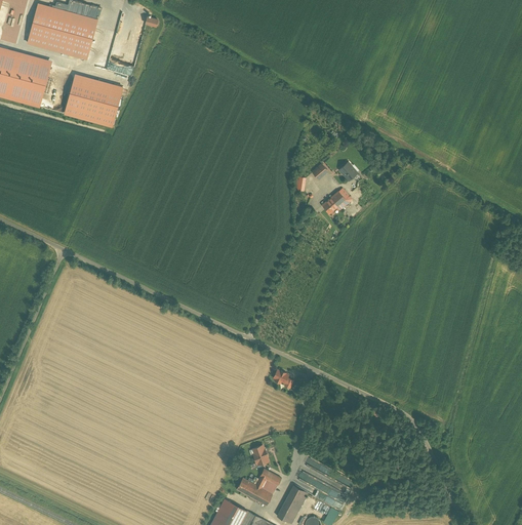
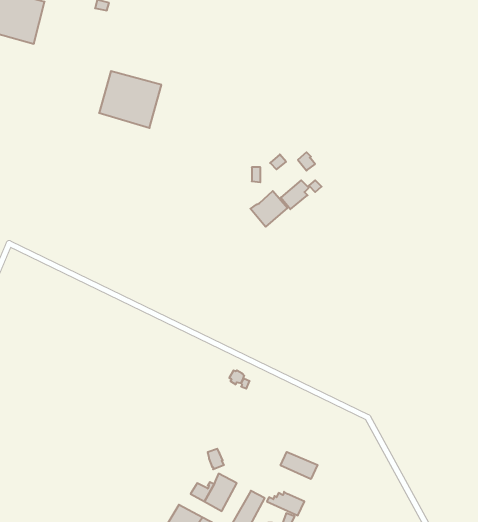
building: [64,74,123,128] -> [99,71,161,128]
building: none -> [250,191,288,227]
building: none -> [281,452,318,479]

